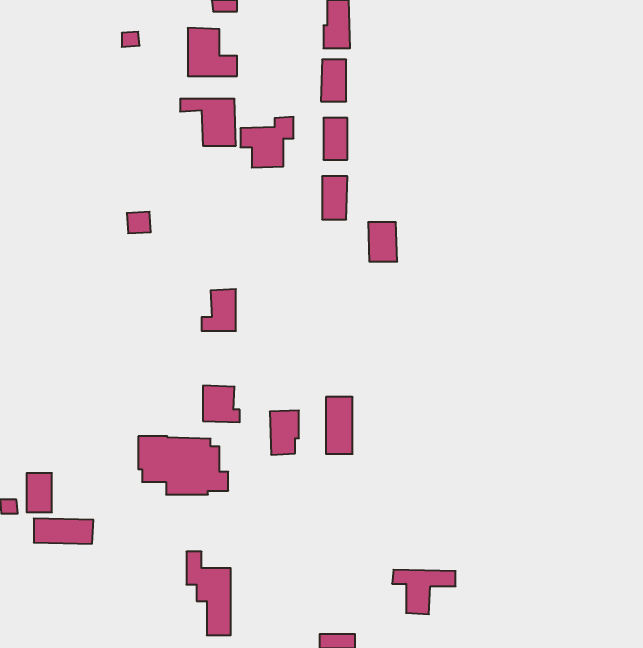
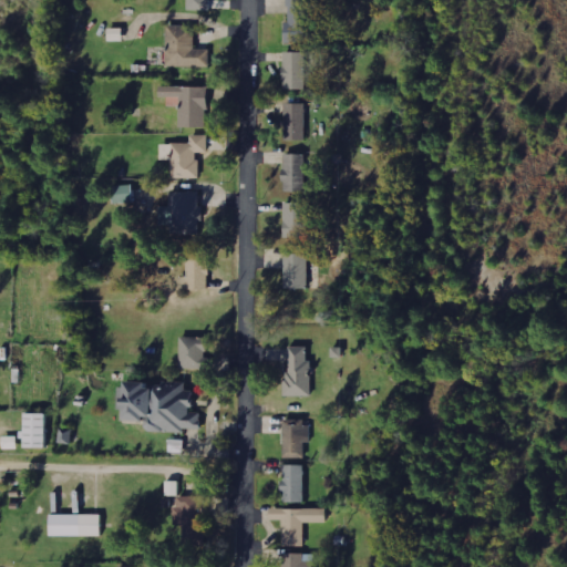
building: [240,117,294,168] -> [158,134,205,178]
building: none -> [156,192,198,234]
building: [368,222,397,262] -> [281,203,307,237]
building: none -> [282,254,306,288]
building: [270,410,299,455] -> [280,419,306,457]
building: [34,518,93,544] -> [48,514,100,536]
building: none -> [280,464,302,503]
building: [392,570,456,614] -> [268,508,323,547]

